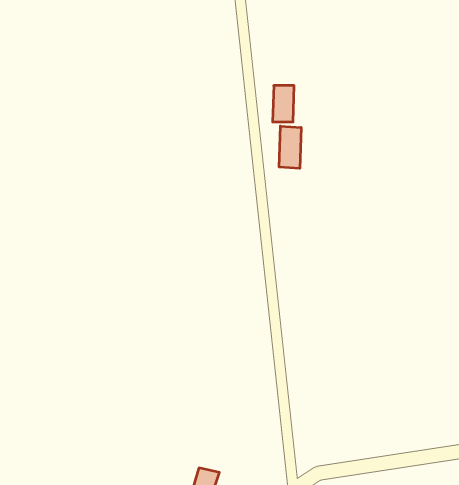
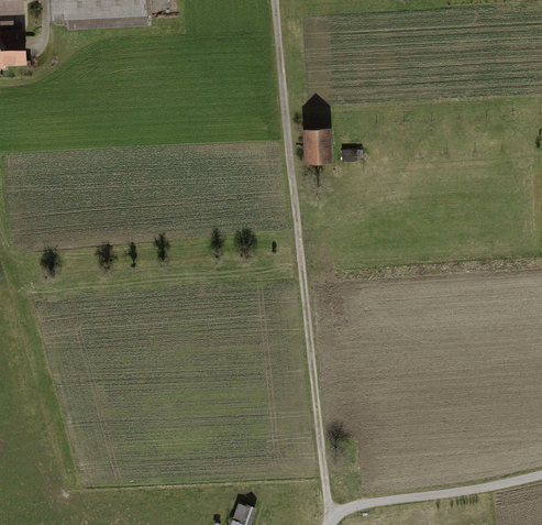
building: [279,126,301,168] -> none

